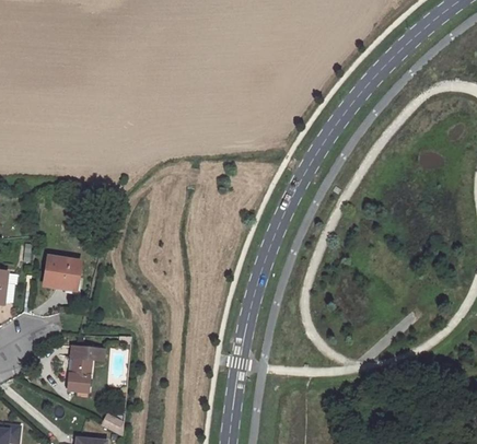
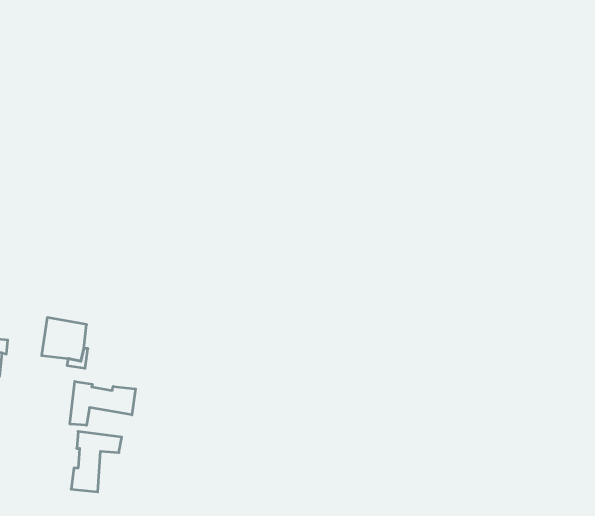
building: none -> [70,381,136,425]

